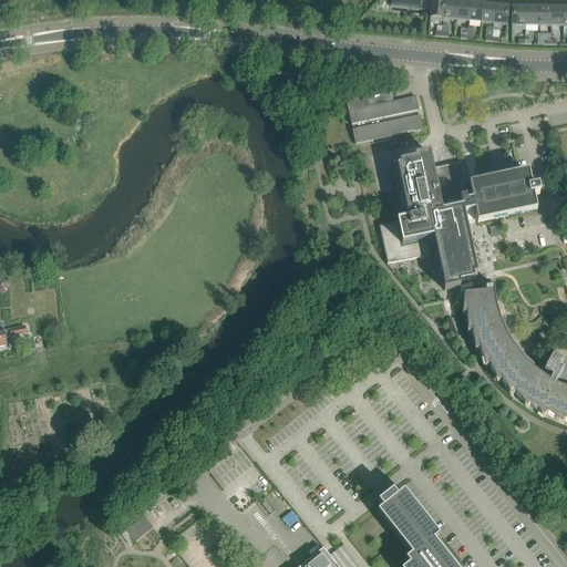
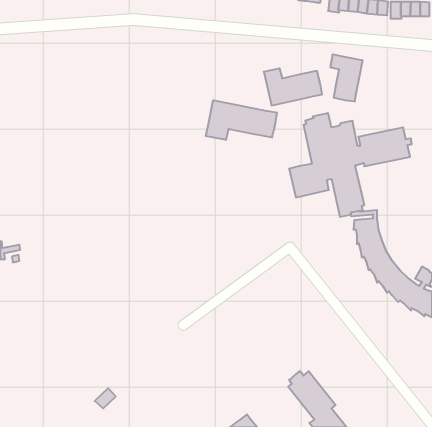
building: none -> [330,54,362,102]
building: none -> [206,100,277,140]

